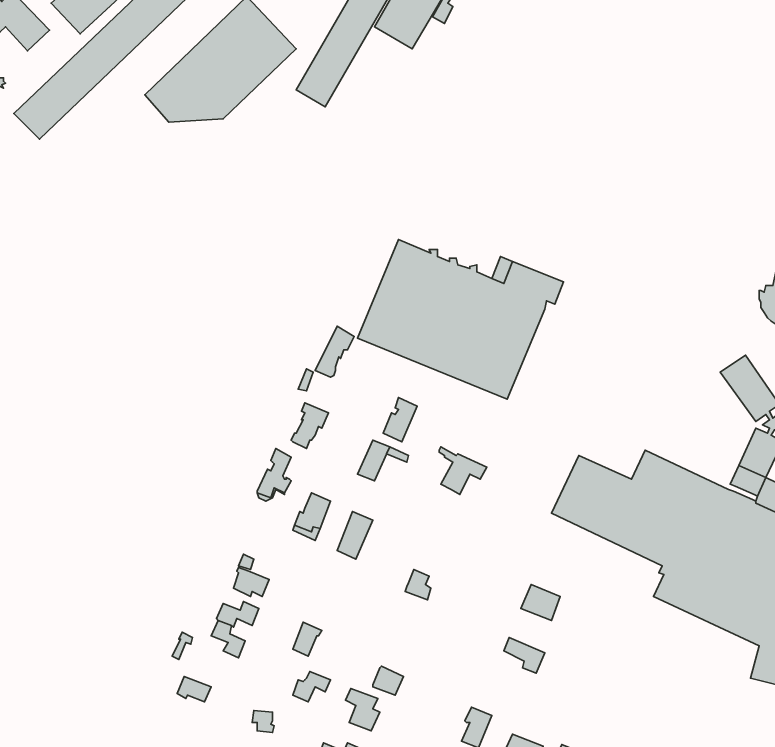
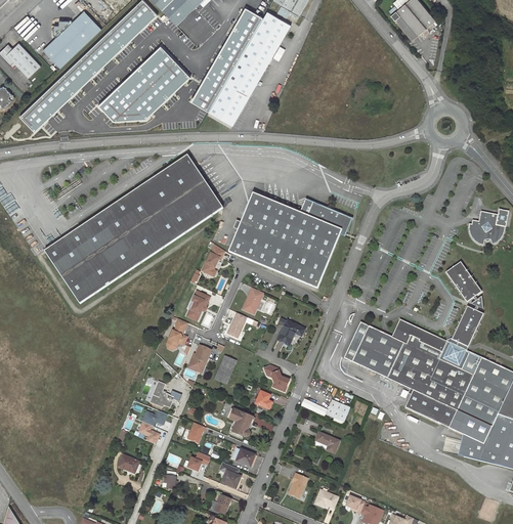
building: none -> [209,63,259,125]
building: none -> [43,155,221,306]
building: none -> [263,365,293,392]
building: none -> [228,407,252,436]

